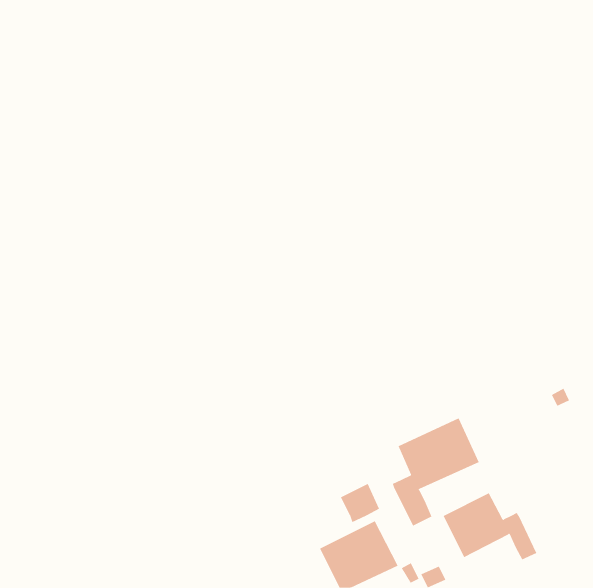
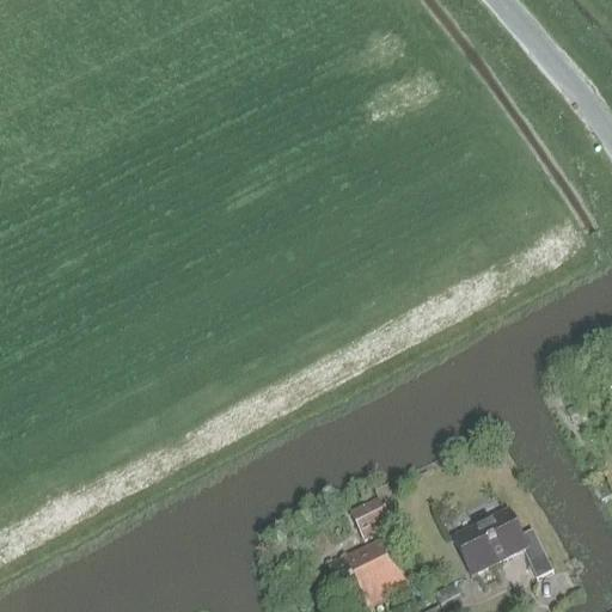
building: [392,418,480,526] -> none

